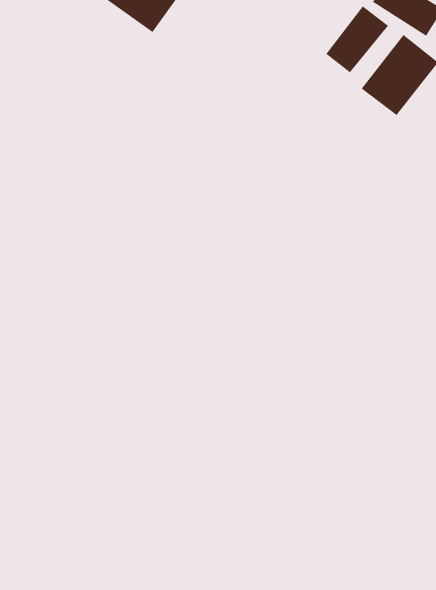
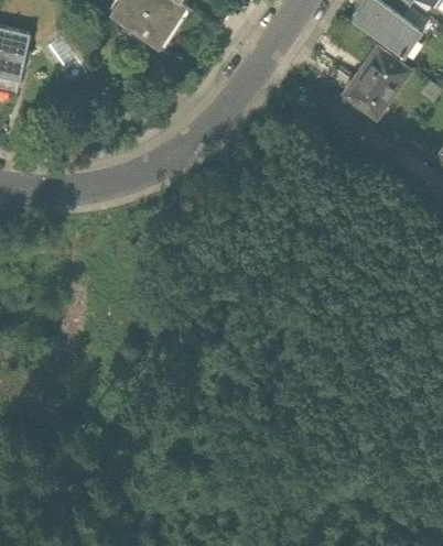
building: [325,6,389,73] -> none

